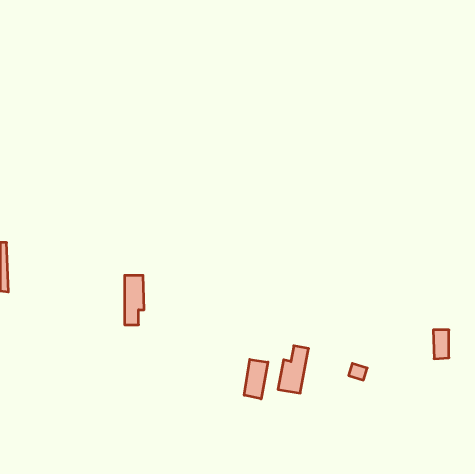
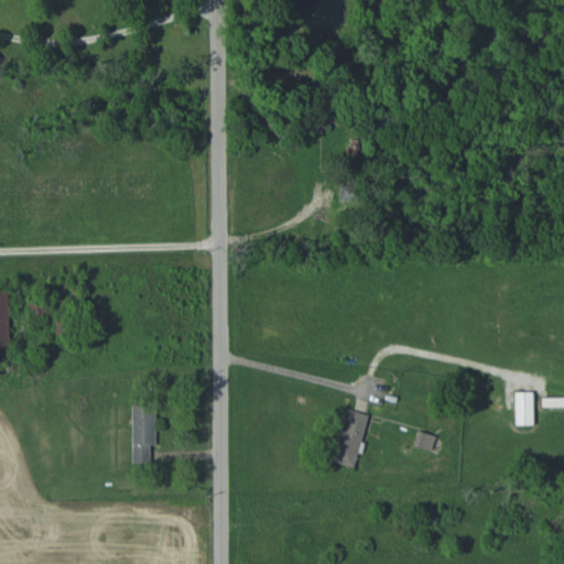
building: [125,275,144,325] -> [132,405,155,464]
building: [244,359,268,399] -> none

